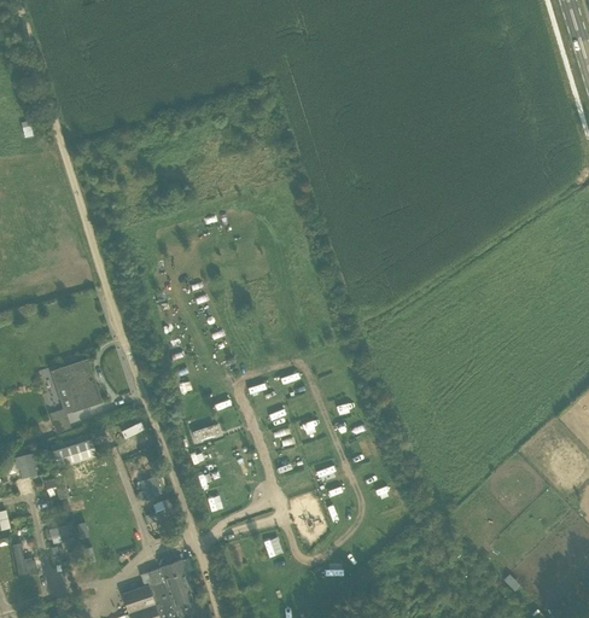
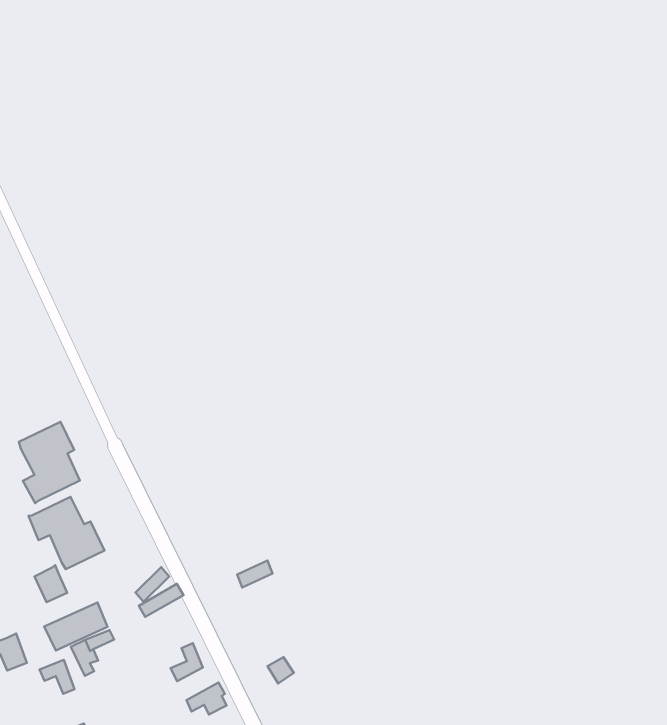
building: none -> [19,422,80,503]

